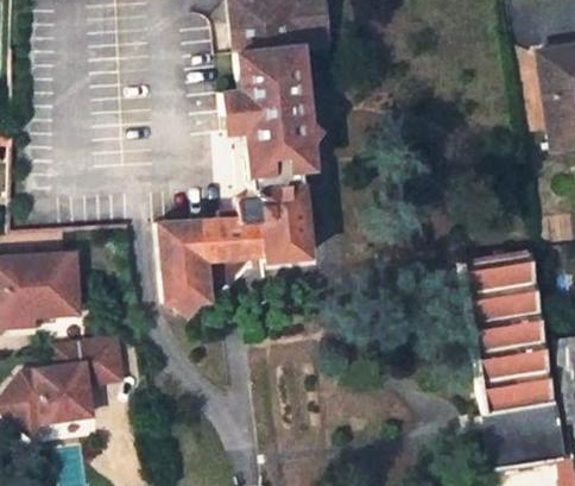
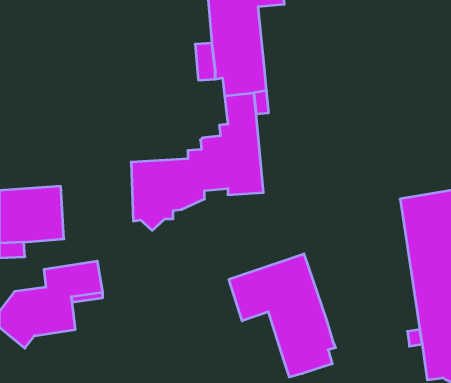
building: none -> [229,254,336,377]

